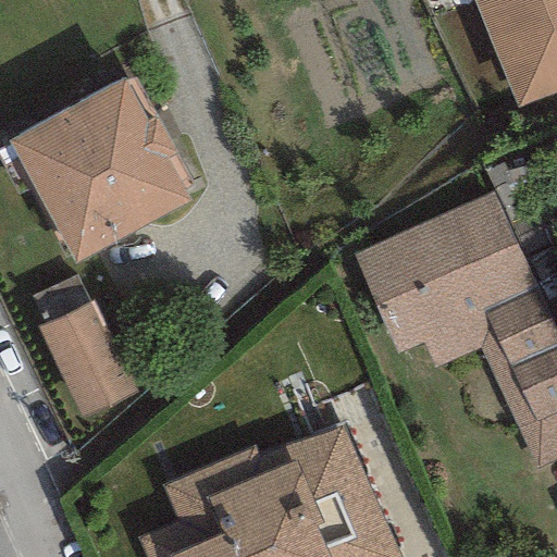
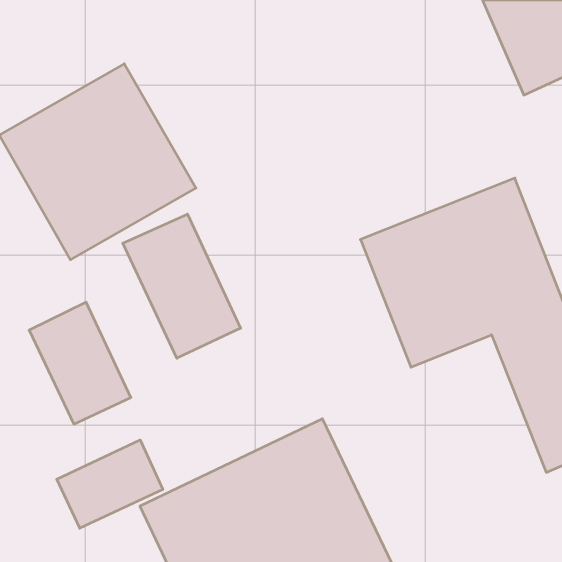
building: none -> [123,214,241,358]
building: none -> [57,440,163,528]

